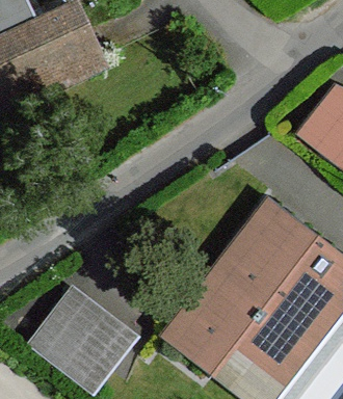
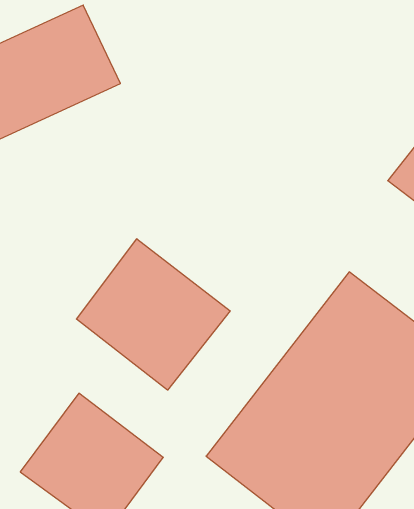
building: none -> [76,239,230,390]

